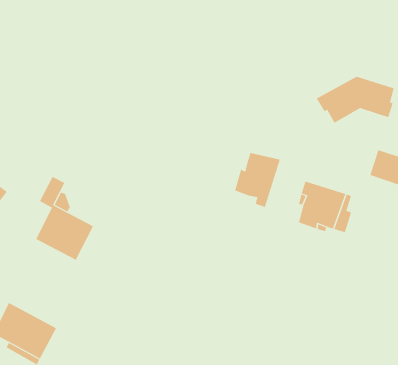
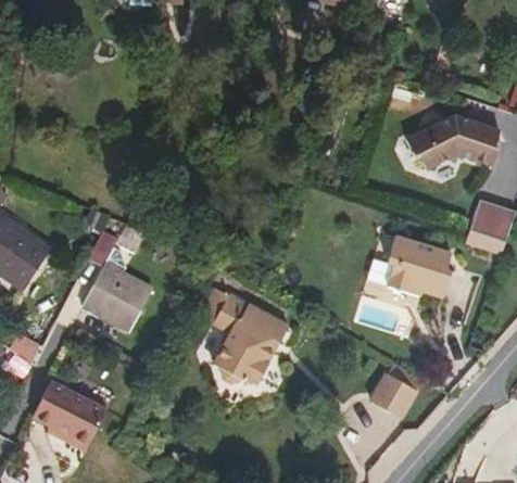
building: [234,152,280,208] -> none
building: none -> [202,290,291,384]
building: none -> [371,376,415,419]

